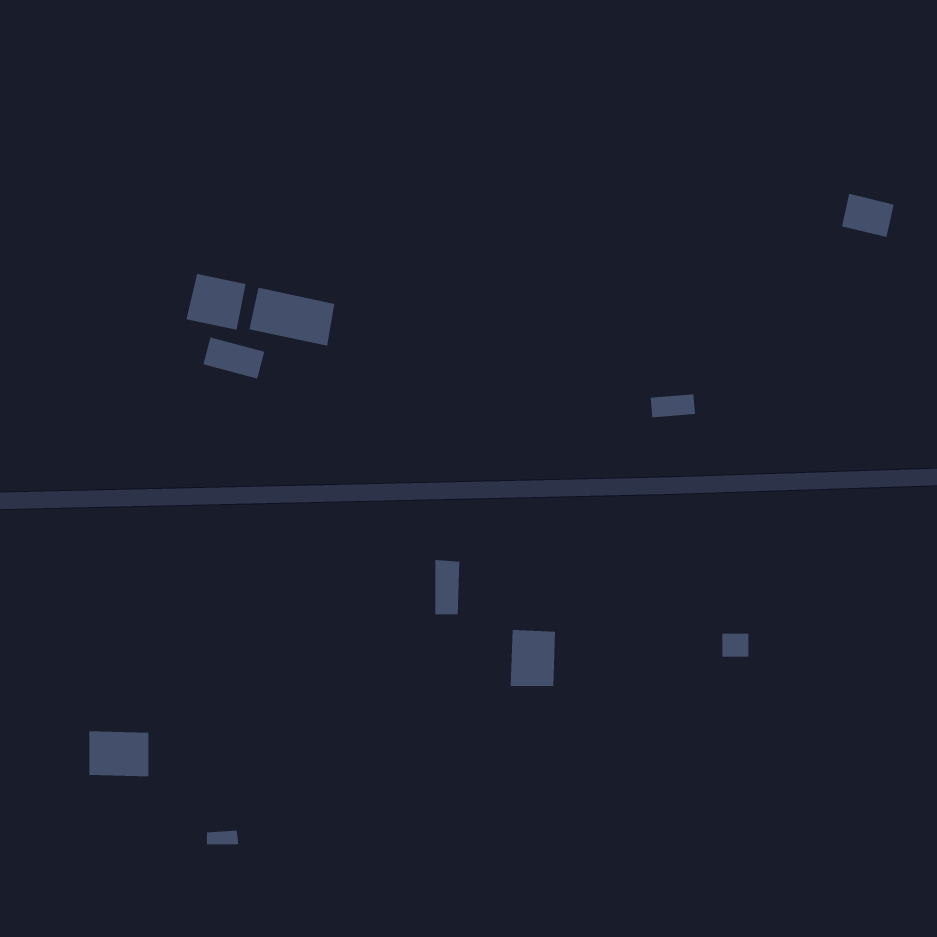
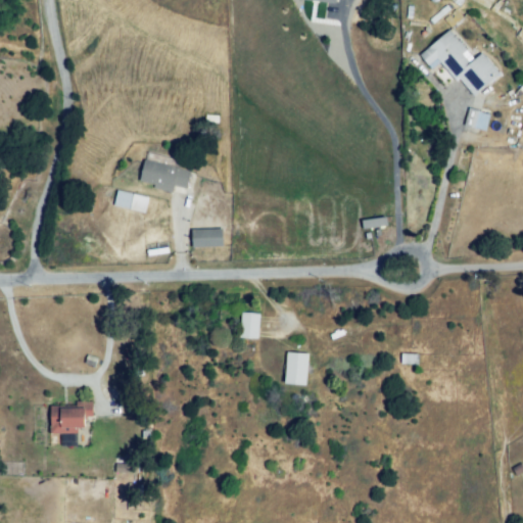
building: none -> [425,29,498,98]
building: [186,273,246,330] -> none
building: none -> [193,228,223,245]

